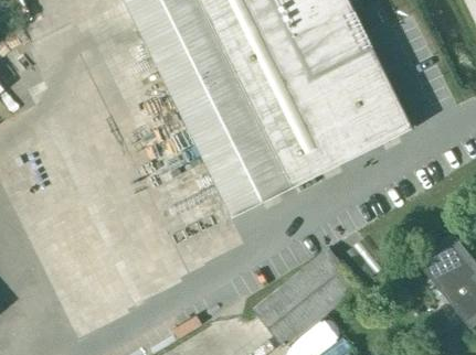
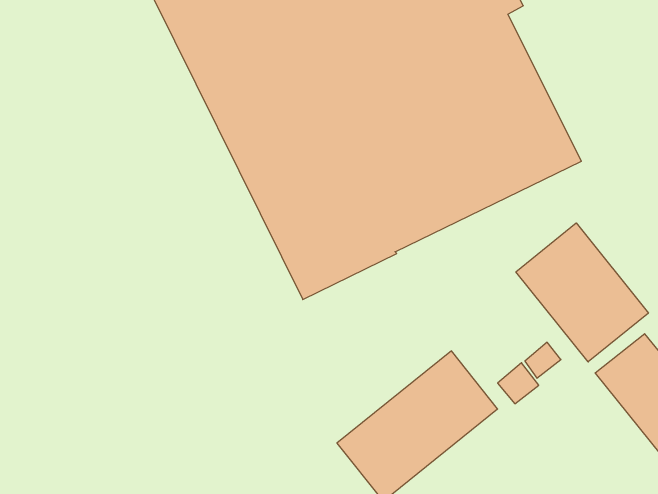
building: none -> [516,223,648,362]

